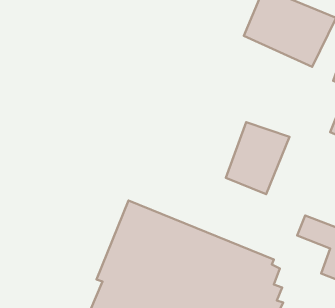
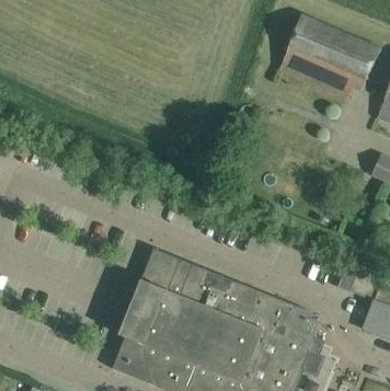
building: [226,122,289,194] -> none

